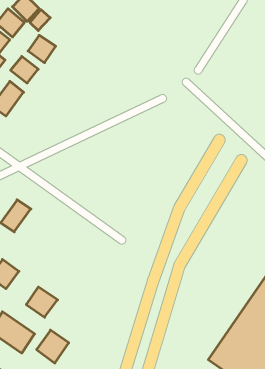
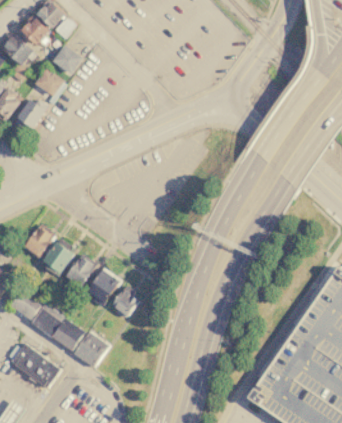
building: none -> [40,237,75,275]
building: none -> [65,253,97,288]
building: none -> [85,269,120,307]
building: none -> [111,288,139,317]
building: none -> [30,302,63,335]
building: [37,330,69,363] -> [73,331,108,367]

